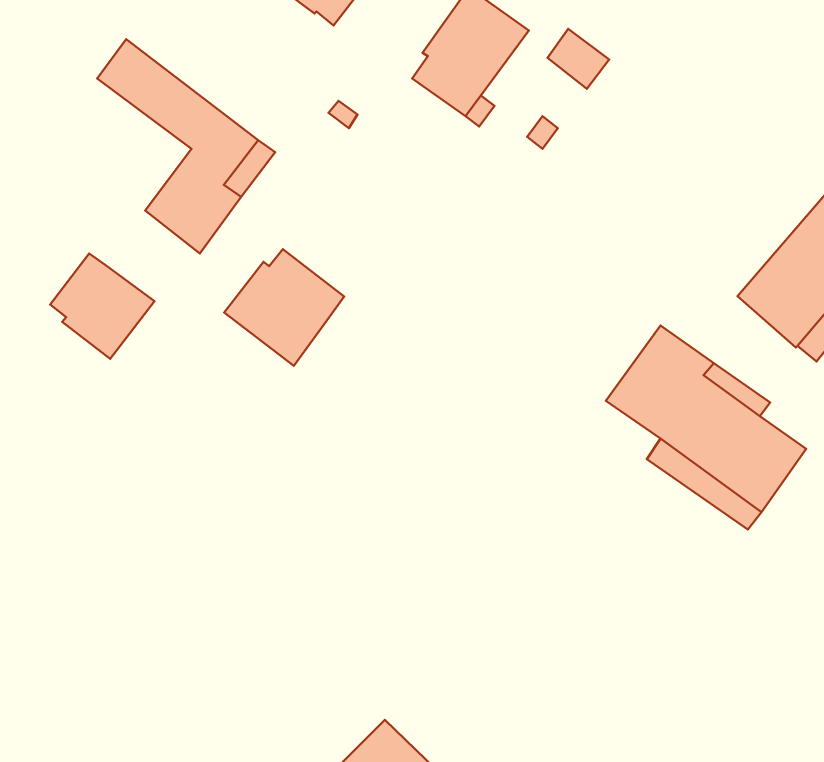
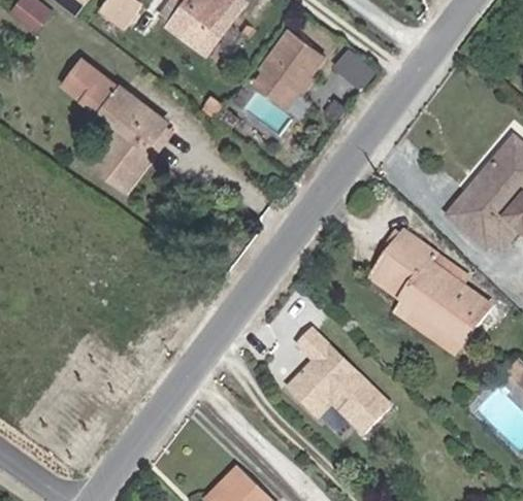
building: [224,249,344,366] -> none
building: [50,253,154,359] -> none
building: none -> [286,331,389,434]

